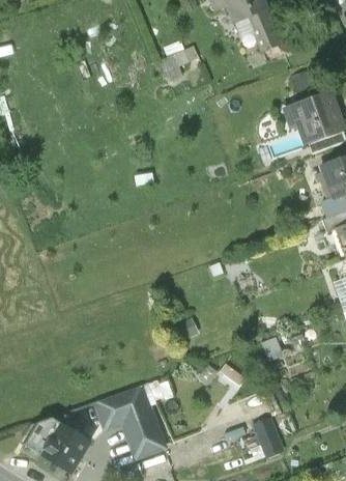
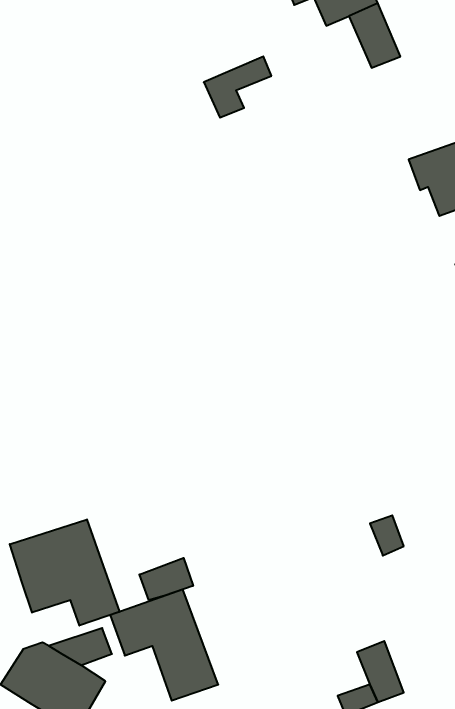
building: none -> [10,519,120,626]
building: none -> [139,558,193,600]

